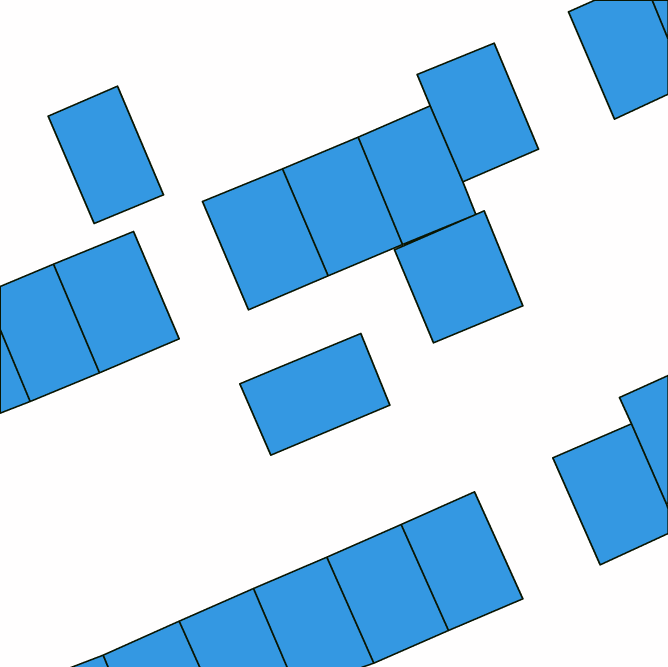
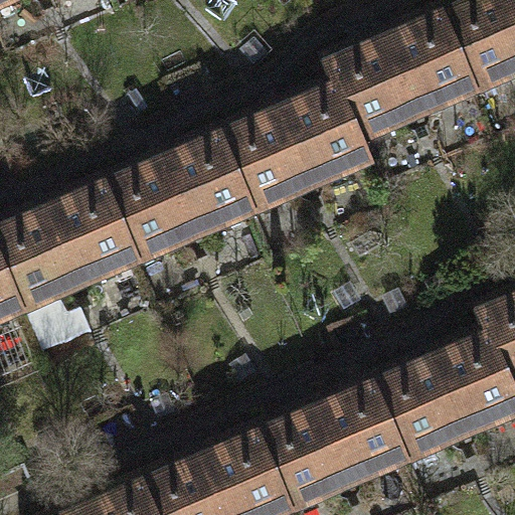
building: none -> [380,10,473,116]
building: [48,86,163,224] -> [103,156,191,262]
building: [394,211,523,343] -> none
building: [240,334,390,455] -> none
building: none -> [365,353,462,462]

